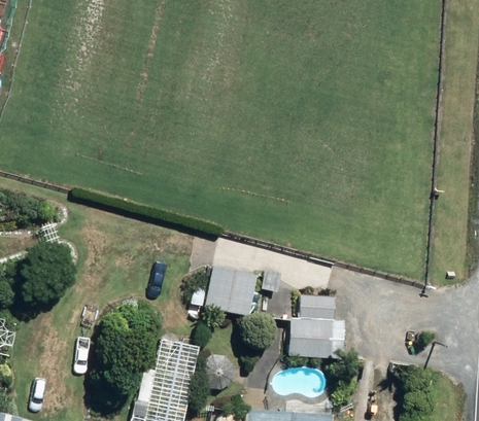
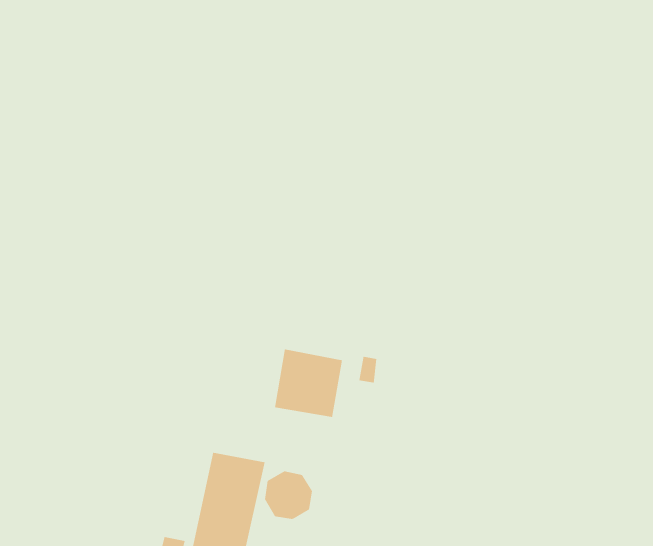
building: [288,295,335,358] -> none

